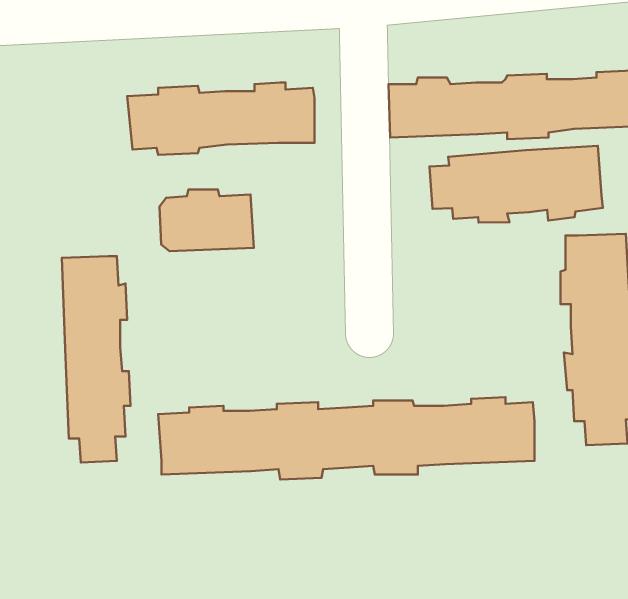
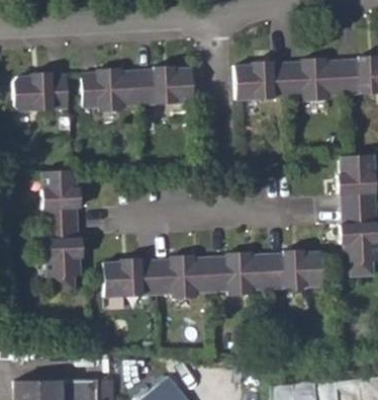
building: [430,146,603,223] -> none
building: [159,189,254,251] -> [13,71,69,107]

